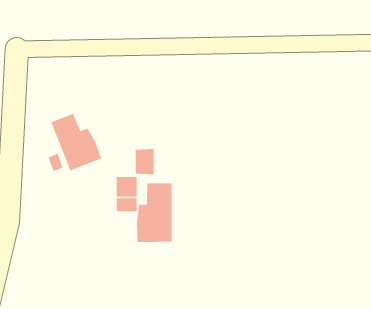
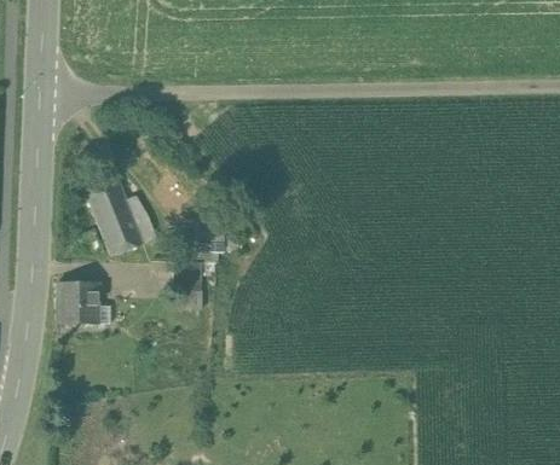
building: [136,183,172,243] -> none
building: none -> [57,283,110,325]

